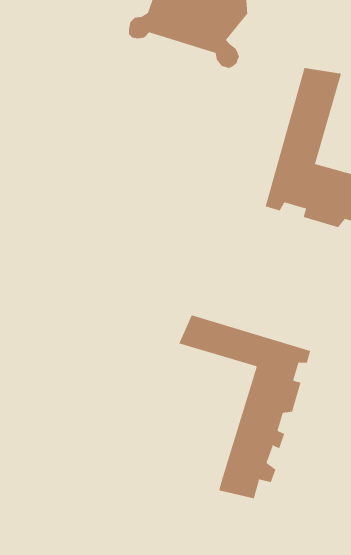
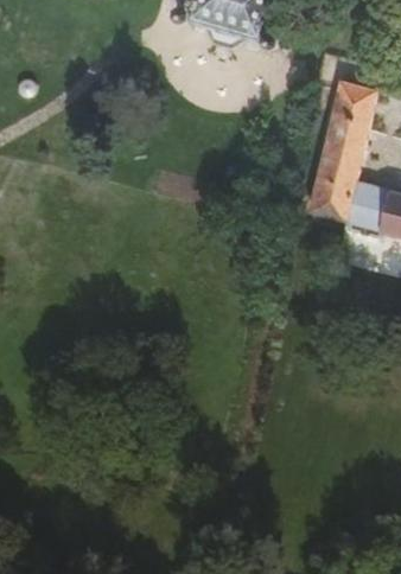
building: [178,314,311,499] -> none

